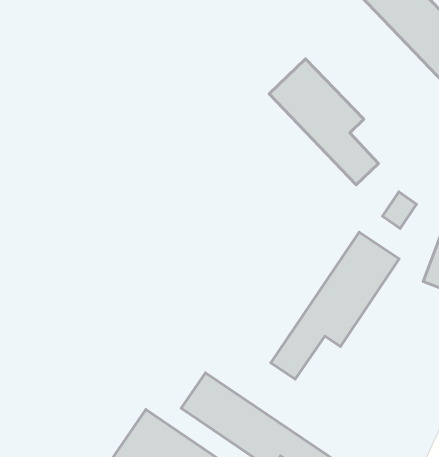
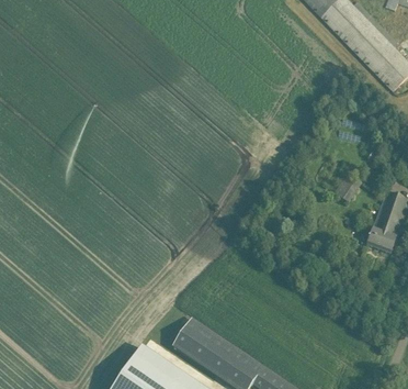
building: [269,59,378,185] -> none
building: [271,232,399,379] -> none

